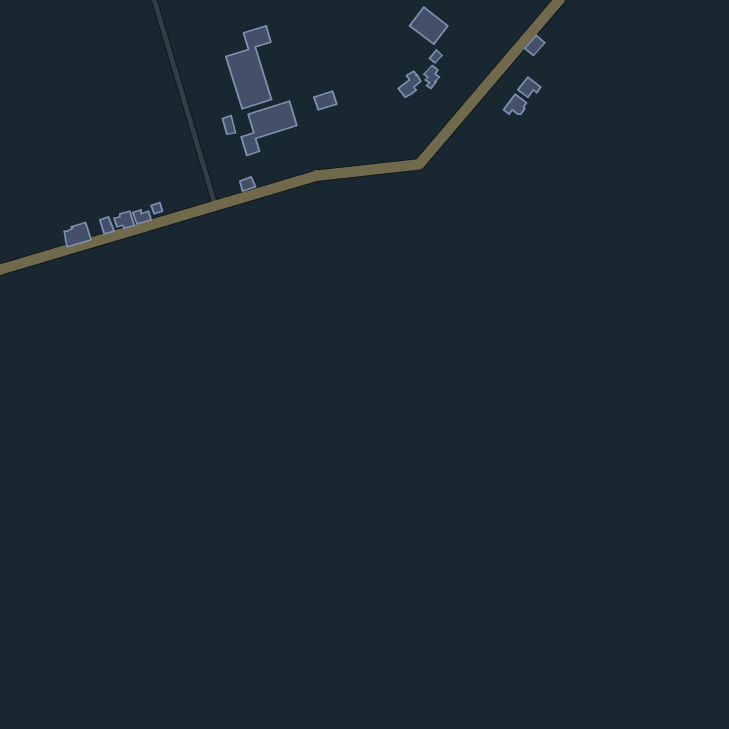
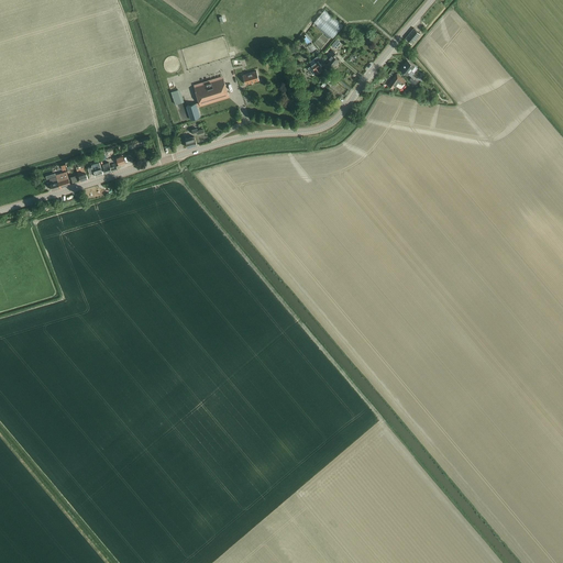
building: [226,26,271,109] -> none

